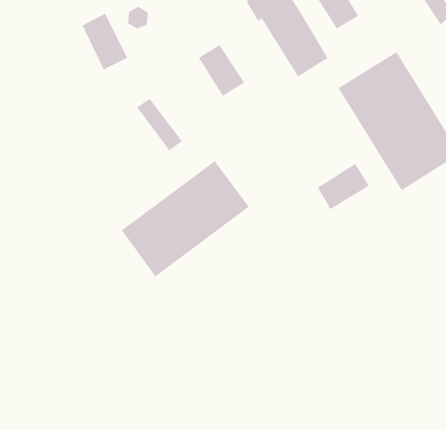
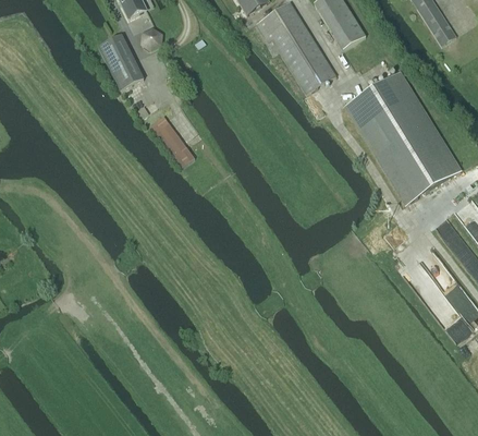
building: [198,44,245,97] -> none
building: [121,160,250,278] -> none
building: [317,163,370,210] -> none

